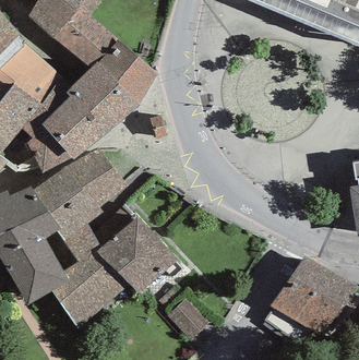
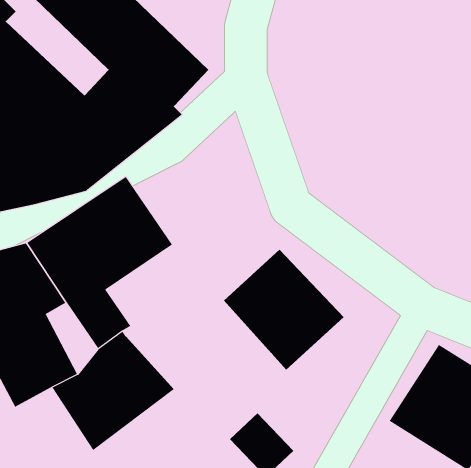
building: [97,215,177,295] -> [223,249,344,370]

